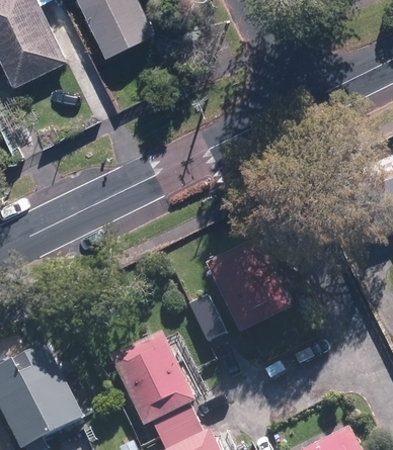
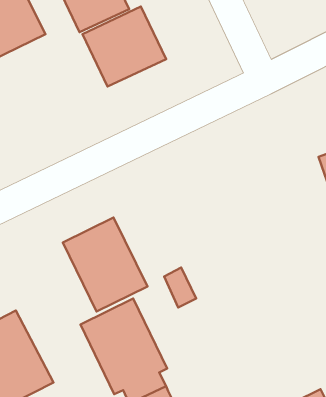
building: none -> [82,6,166,86]
building: [201,237,287,332] -> [63,218,147,311]

